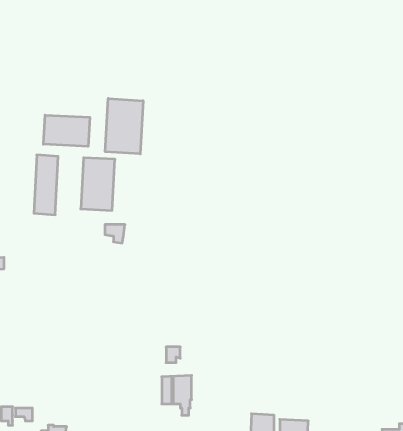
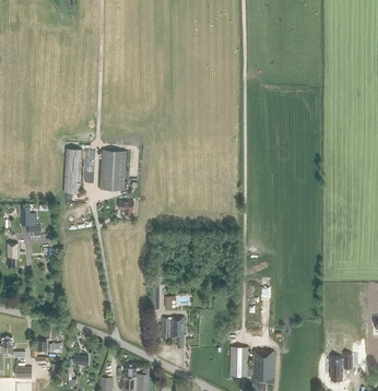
building: [105,98,143,154] -> none
building: [43,115,90,146] -> none

